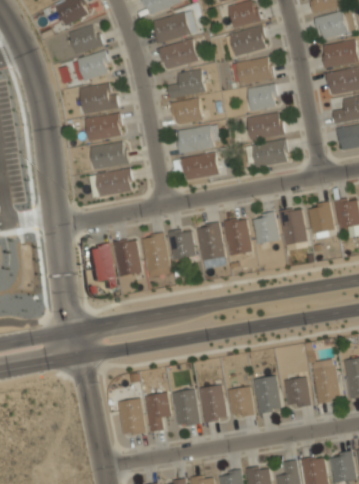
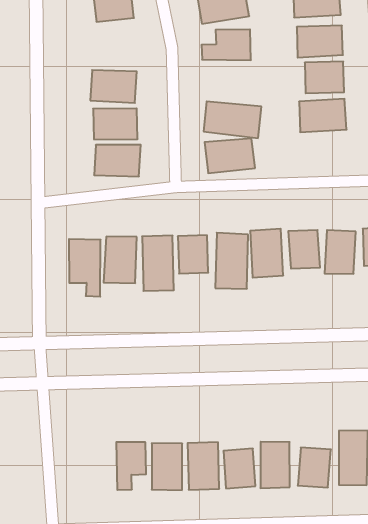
building: [79,81,118,113] -> none
building: [170,97,202,124] -> none
building: [250,140,286,165] -> none
building: [117,397,145,434] -> none

